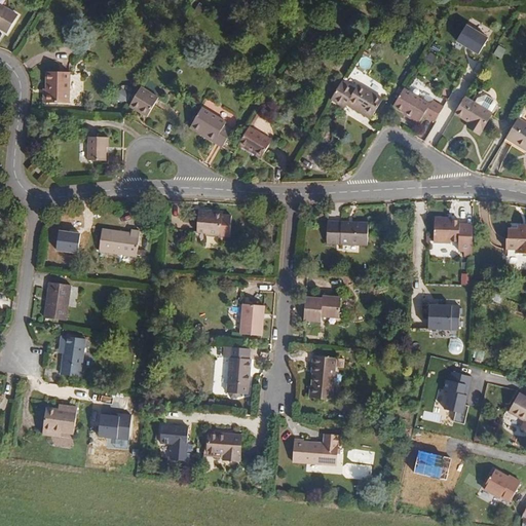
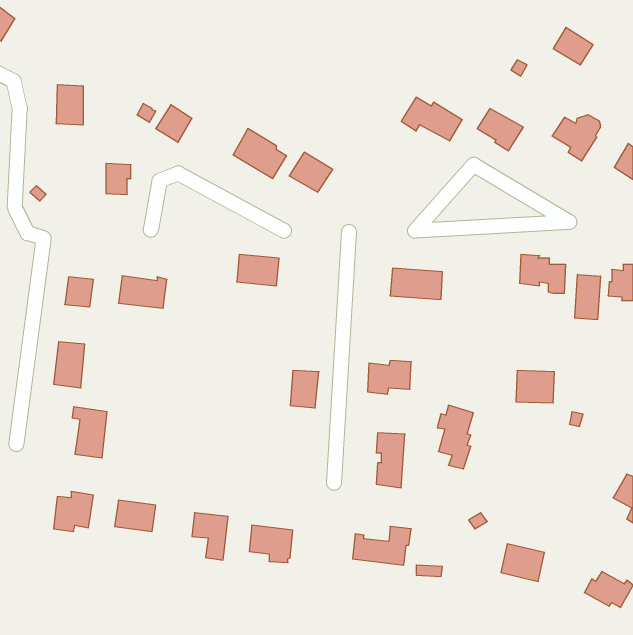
building: none -> [575,274,600,320]
building: [222,346,249,397] -> none
building: [441,371,471,423] -> [437,405,473,469]

